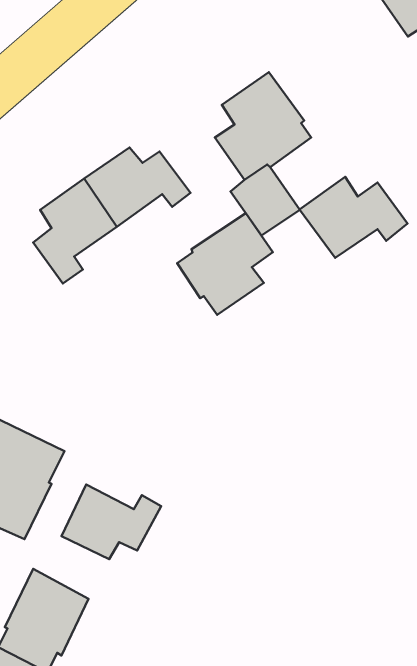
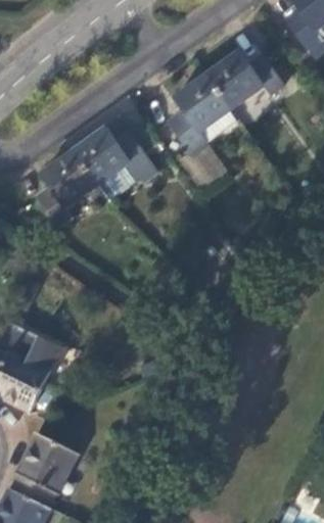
building: [300,177,407,258] -> [205,50,283,108]
building: [177,213,273,315] -> none
building: [62,484,161,559] -> none

